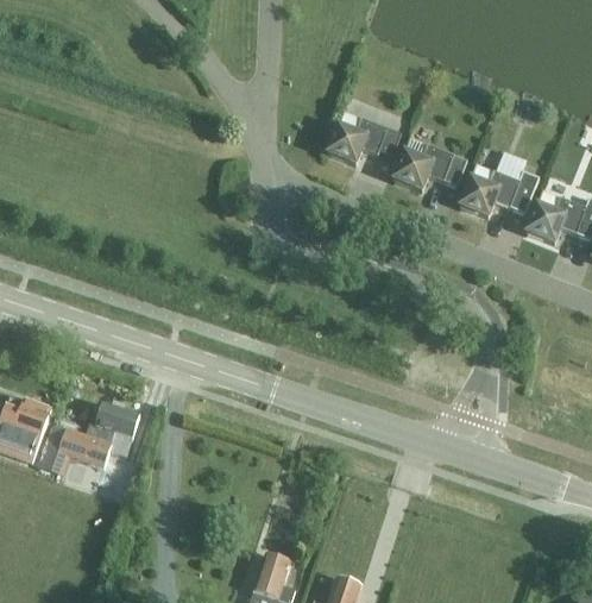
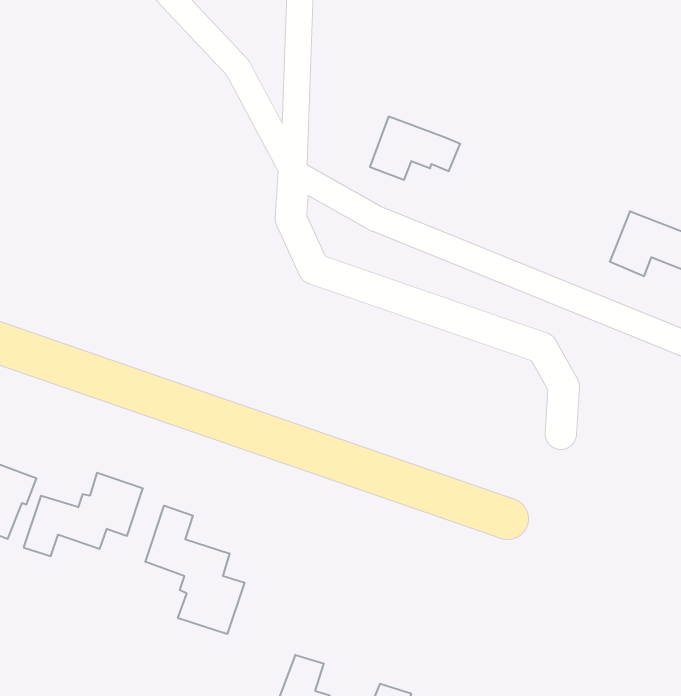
building: [392,137,467,189] -> none
building: [459,163,539,216] -> none
building: none -> [145,506,244,634]

